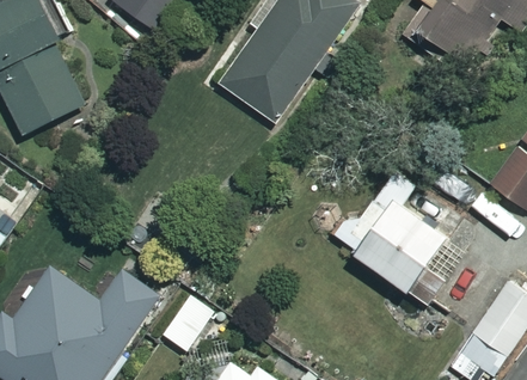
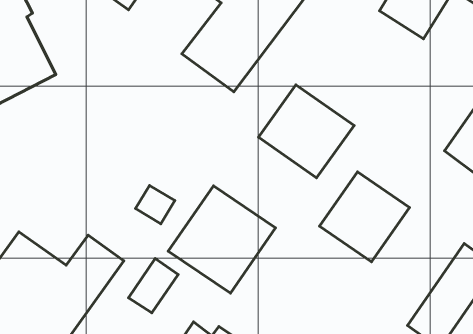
building: none -> [258,85,354,178]
building: none -> [168,186,276,293]

